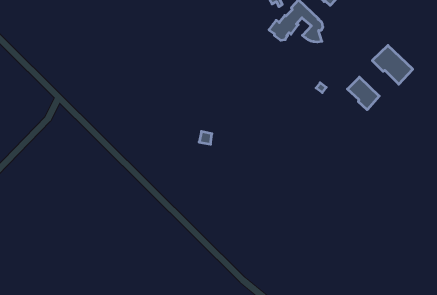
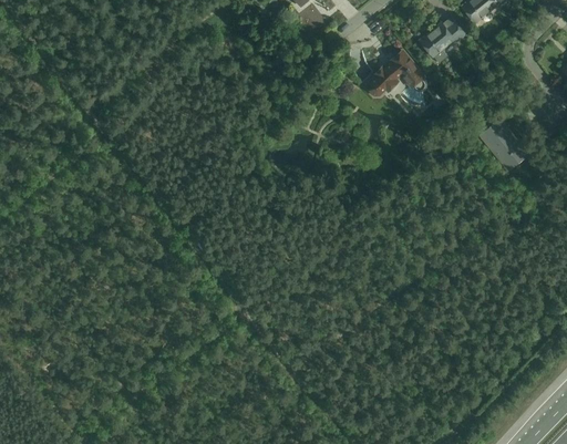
building: [347,77,379,110] -> none

